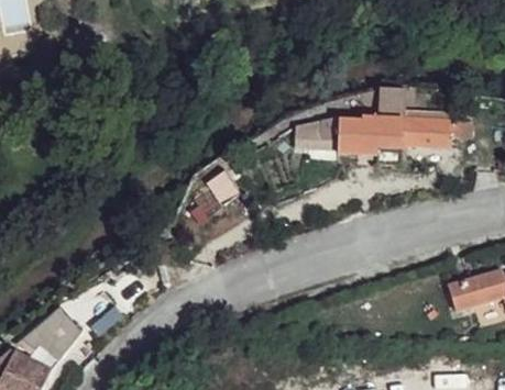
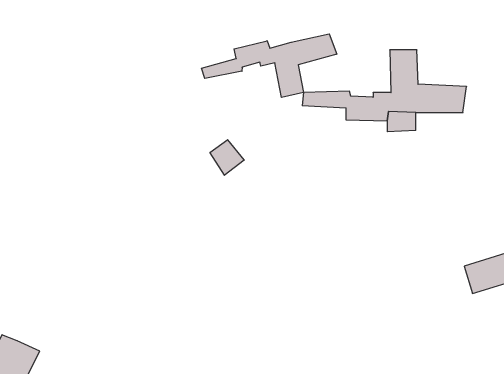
building: none -> [202,34,337,97]
building: [28,302,83,366] -> none

